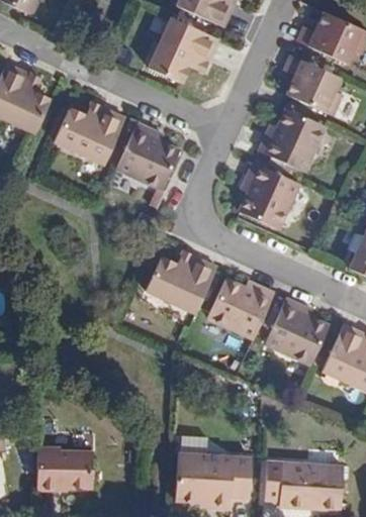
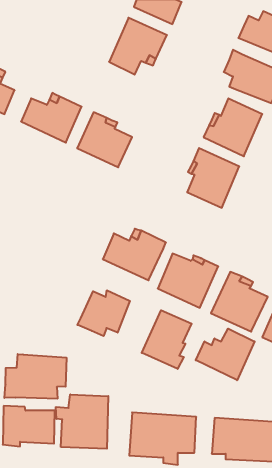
building: none -> [77,290,130,336]
building: none -> [142,310,192,369]
building: none -> [196,329,255,380]
building: none -> [4,354,66,399]
building: none -> [56,394,108,449]

